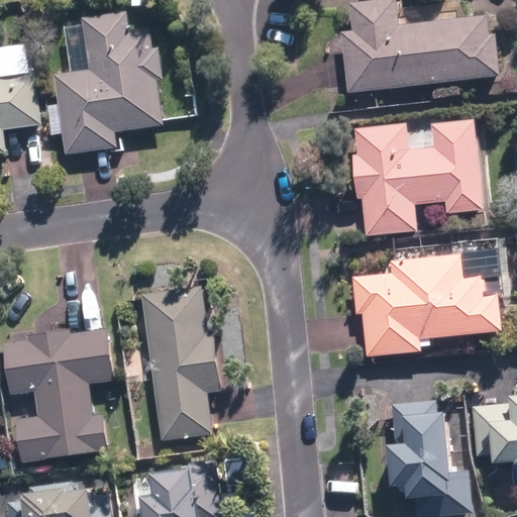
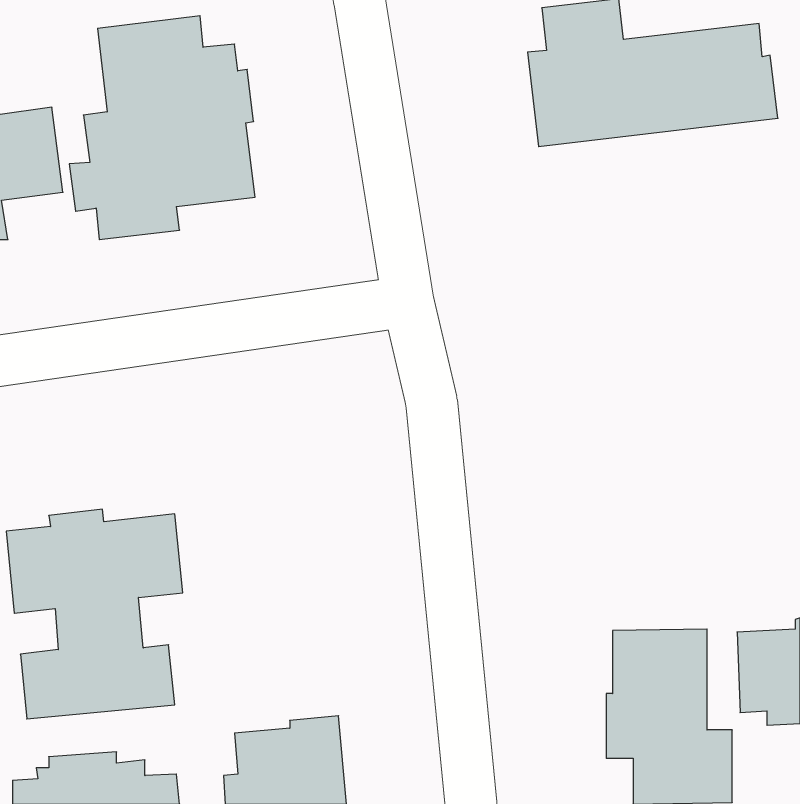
building: [352,121,484,235] -> none
building: [350,249,500,355] -> none
building: [141,287,224,440] -> none

